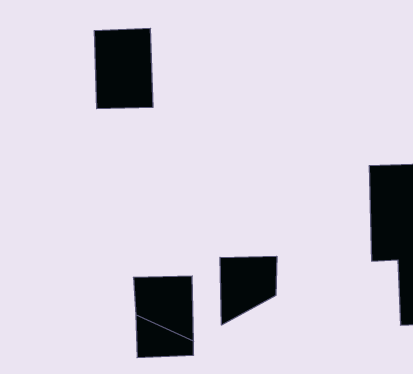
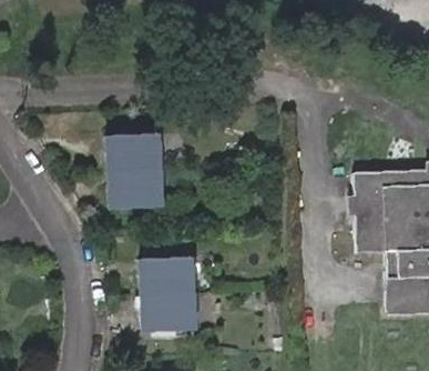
building: [94,28,153,109] -> [106,144,159,215]
building: [220,256,277,325] -> none

